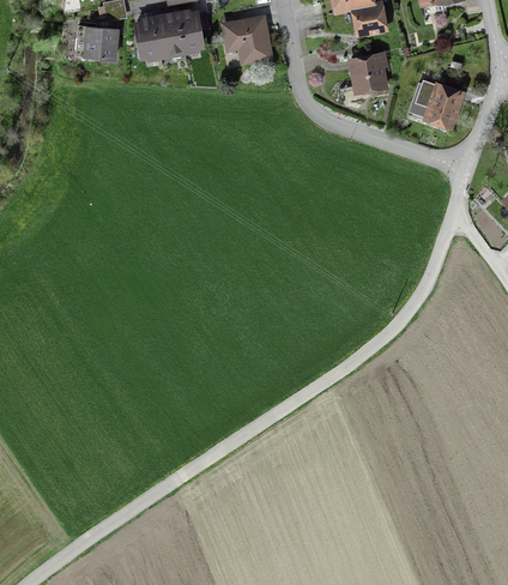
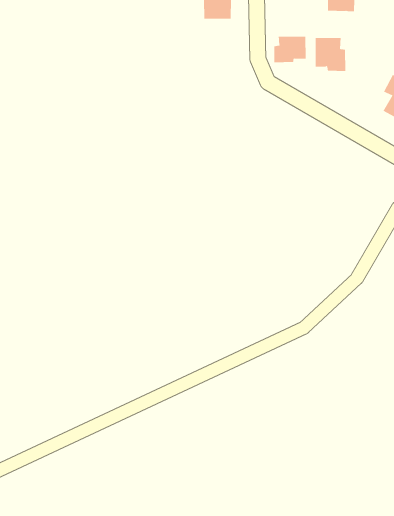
building: none -> [274,36,306,63]

